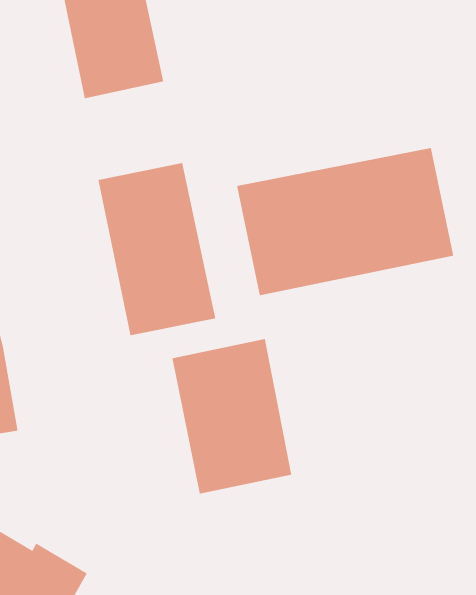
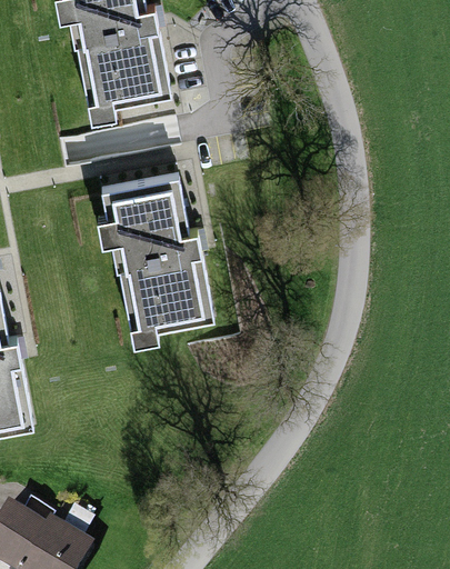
building: [236,147,454,296] -> none
building: [171,338,292,494] -> none

